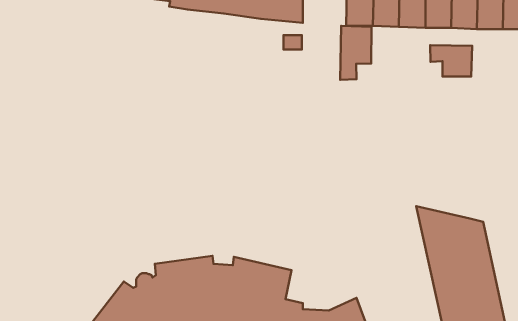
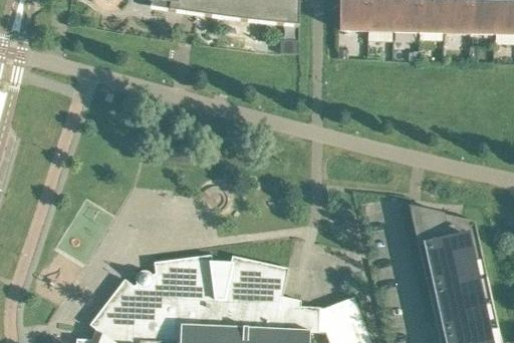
building: [340,26,372,80] -> none
building: [430,45,472,77] -> none

